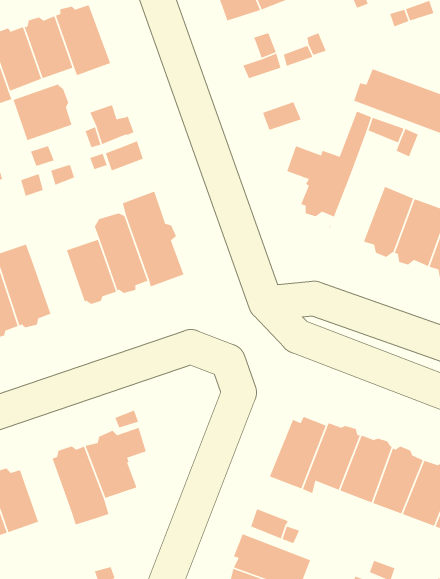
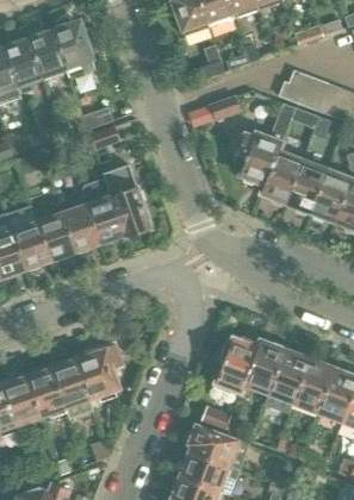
building: [13,83,72,141] -> none
building: none -> [262,151,304,206]
building: none -> [36,210,75,261]
building: none -> [26,364,64,417]

